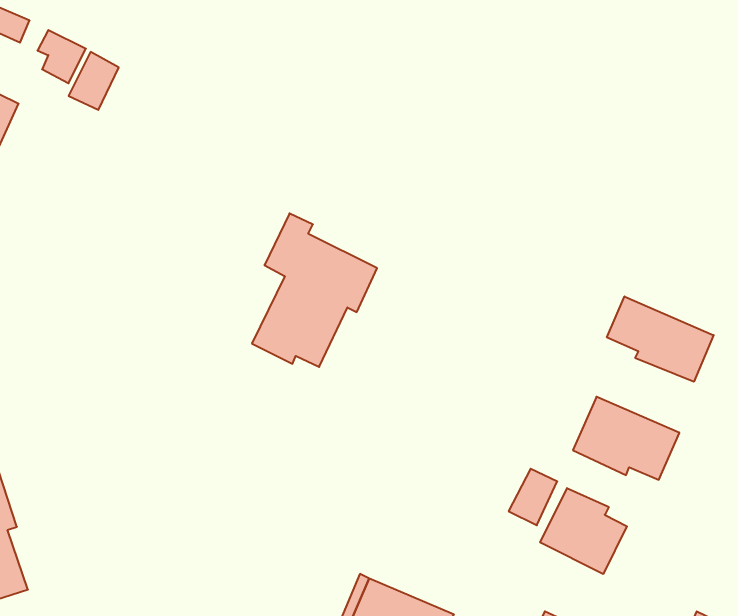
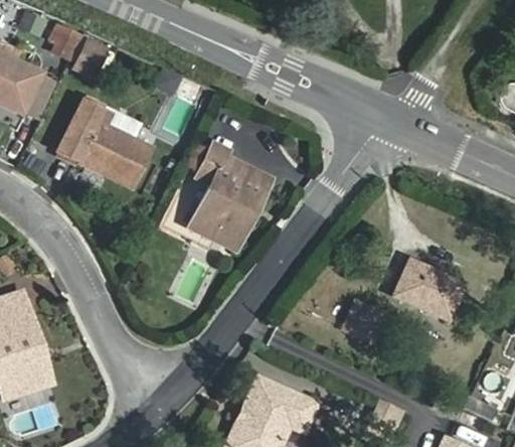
building: none -> [57,103,151,188]
building: [607,296,714,382] -> none
building: [540,488,627,574] -> none

